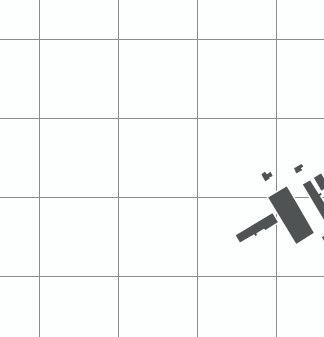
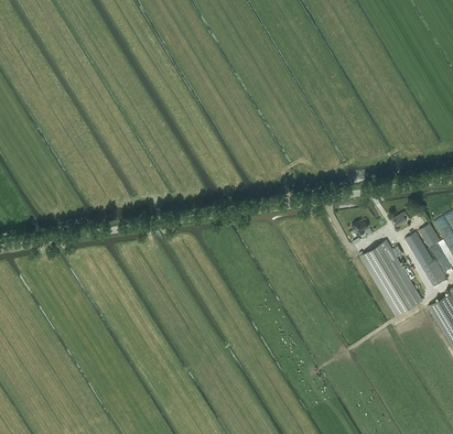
building: [235,212,279,244] -> none

